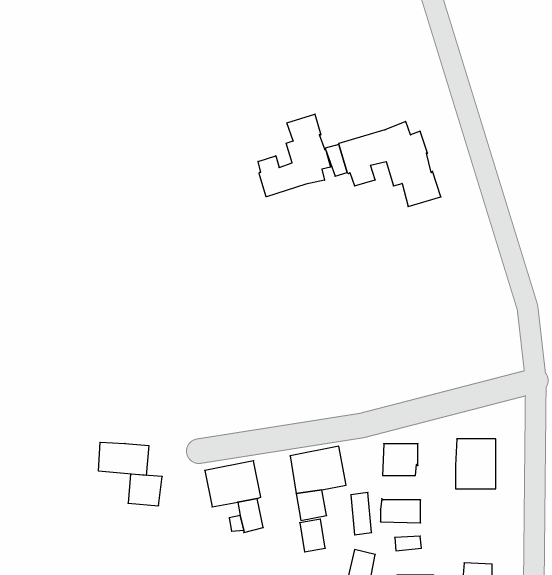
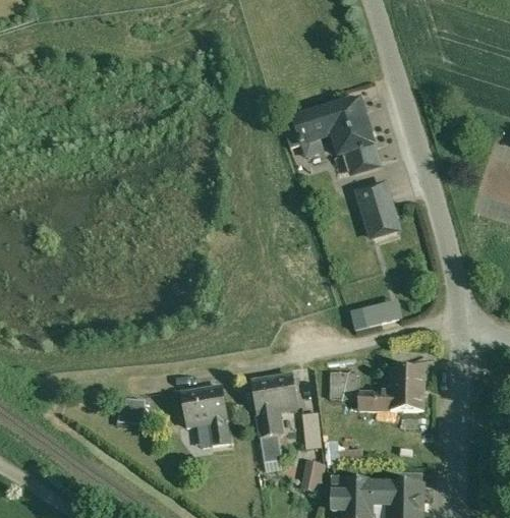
building: [258,114,331,197] -> none
building: none -> [357,184,398,237]
building: none -> [352,298,402,330]
building: [99,442,149,475] -> none
building: [380,499,421,523] -> [357,389,391,409]

